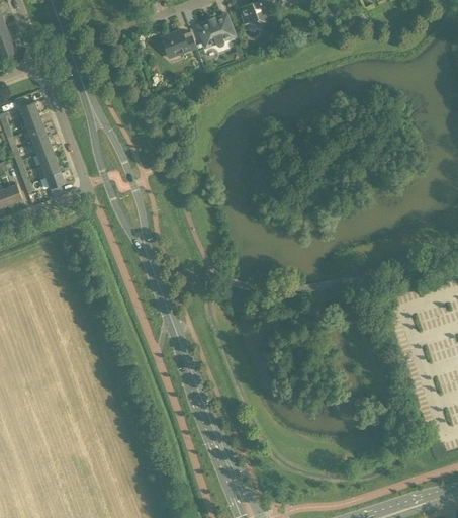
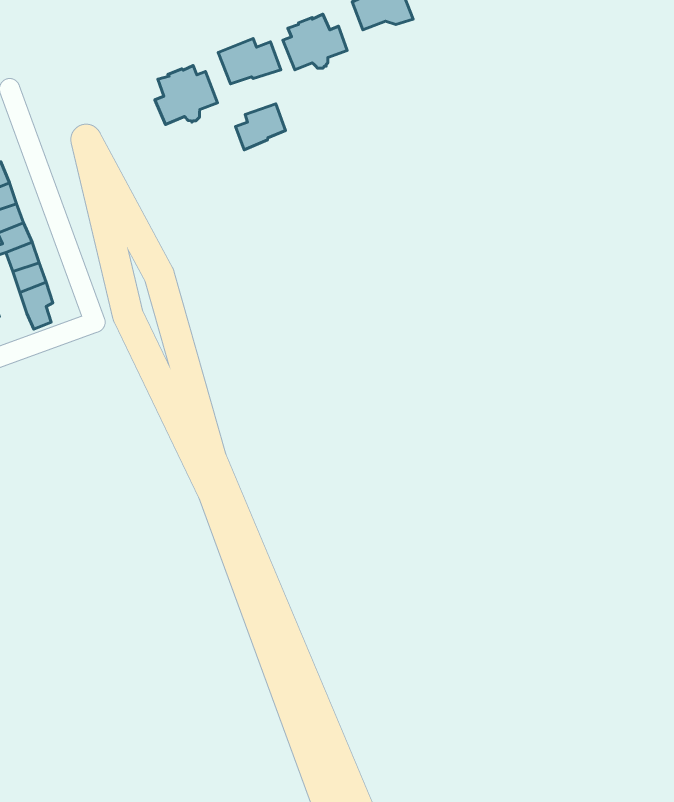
building: none -> [155,66,217,125]
building: none -> [236,104,285,150]

